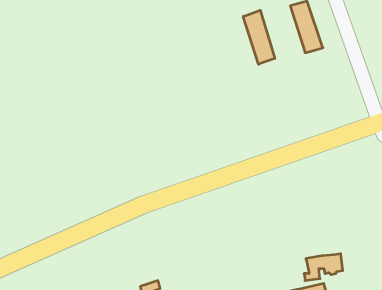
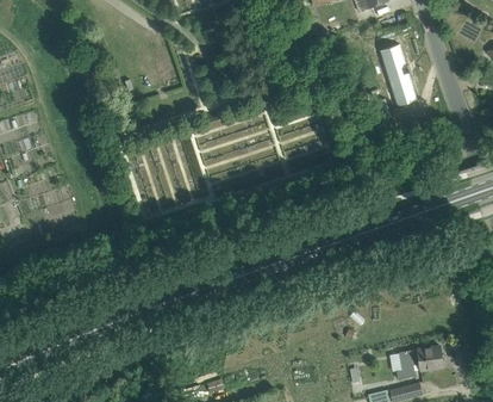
building: [243,10,275,64] -> none

